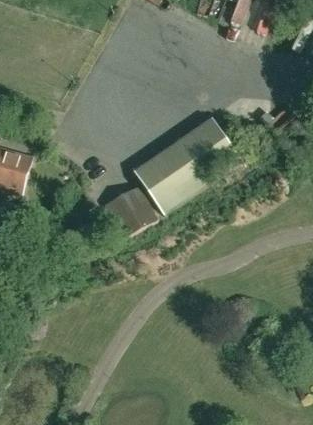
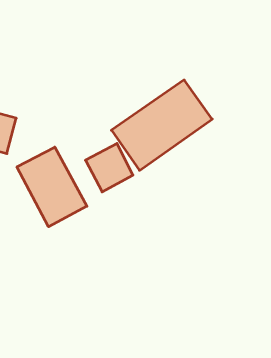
building: none -> [17,147,87,227]

